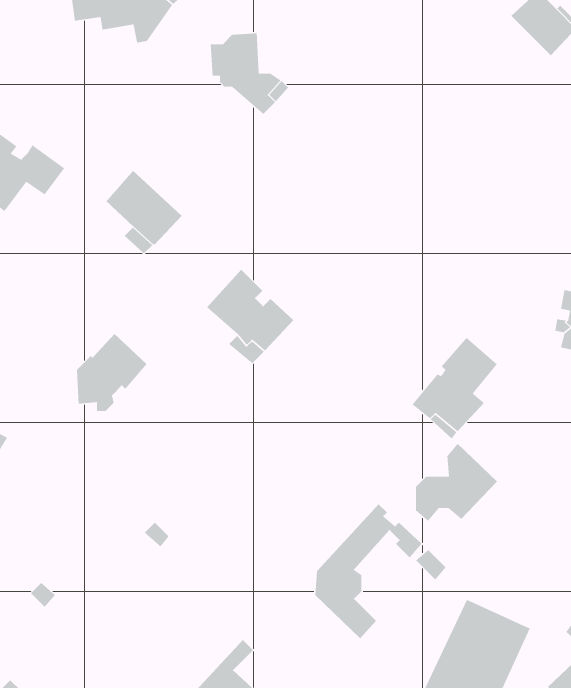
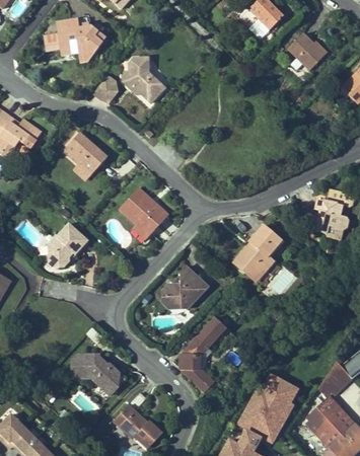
building: none -> [93,74,118,102]
building: [415,443,498,522] -> [162,265,208,309]
building: none -> [72,355,125,395]

